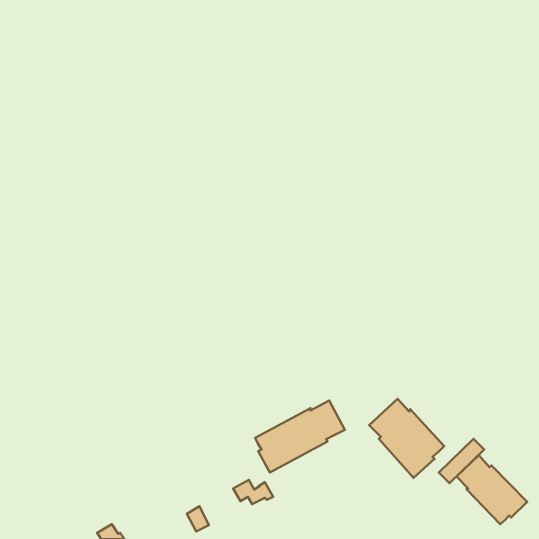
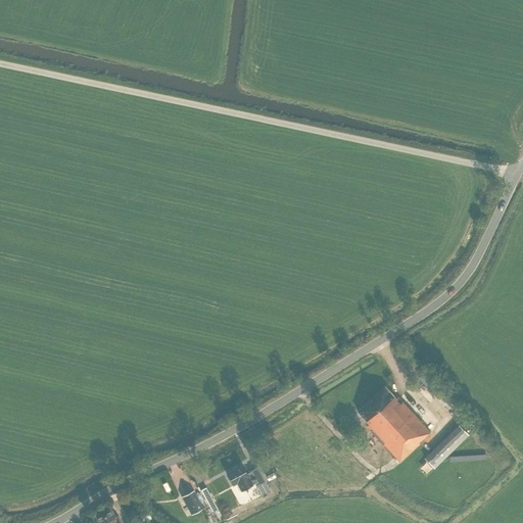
building: [255,400,345,473] -> none
building: [457,455,527,524] -> none

